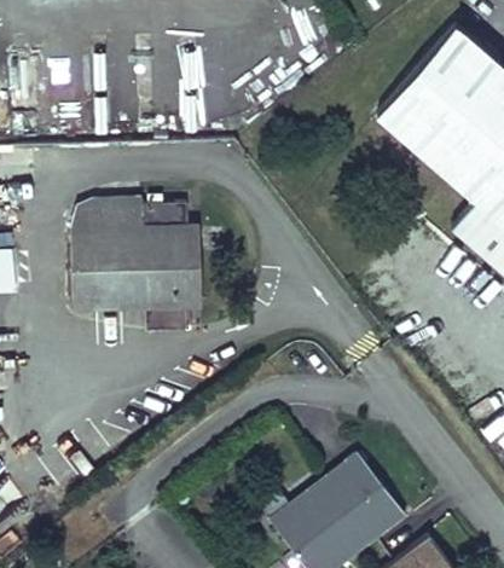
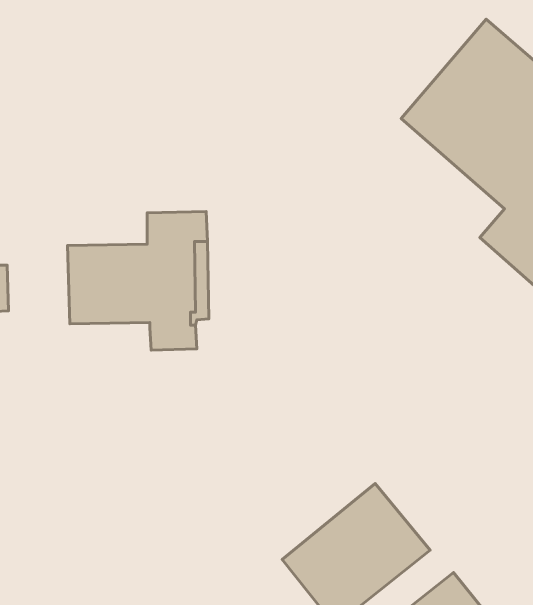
building: [69,198,143,233] -> none

